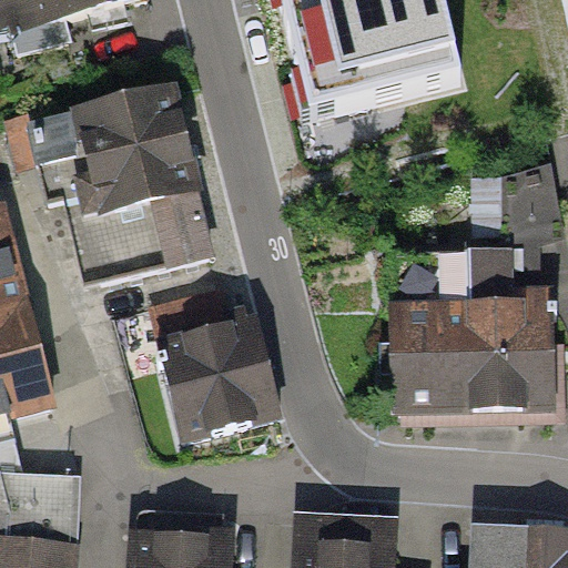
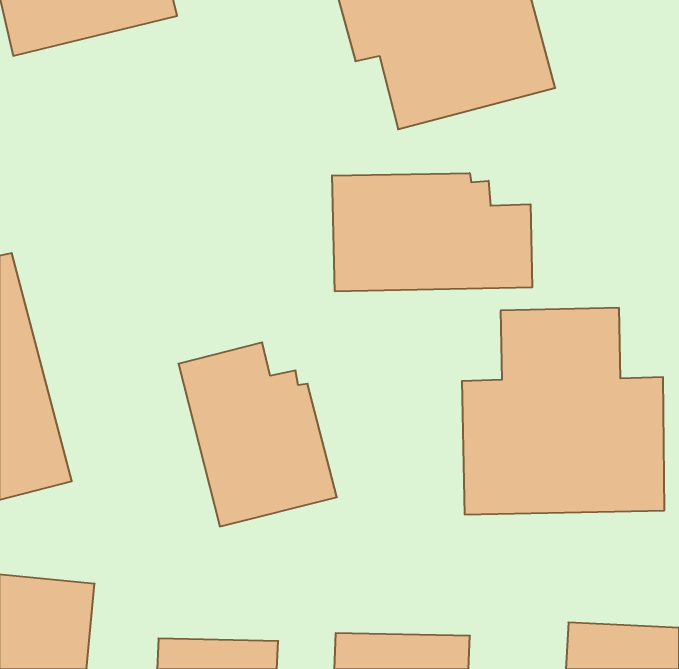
building: [9,90,212,280] -> none
building: none -> [332,173,532,291]

